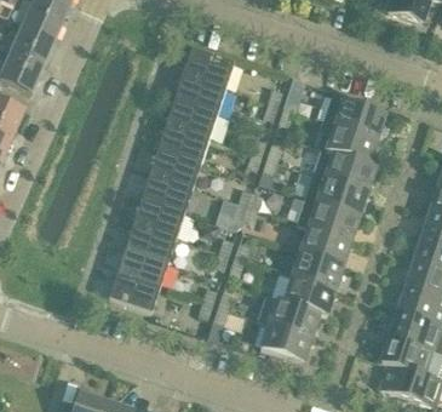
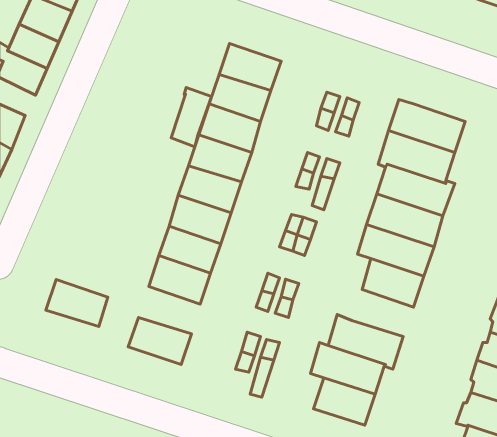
building: none -> [171,88,211,147]
building: [116,250,167,288] -> [46,279,108,327]
building: [292,252,343,291] -> none

